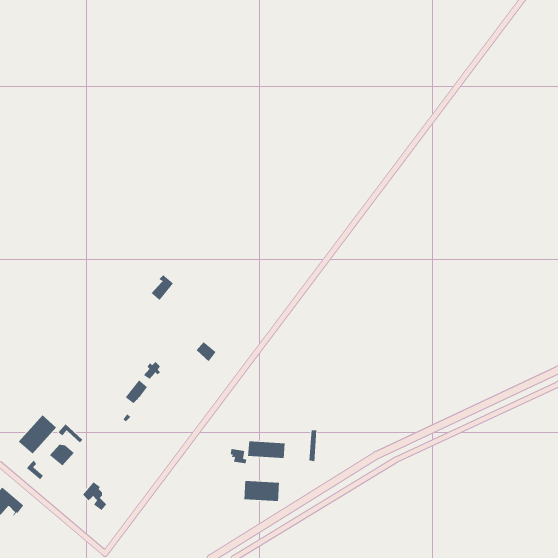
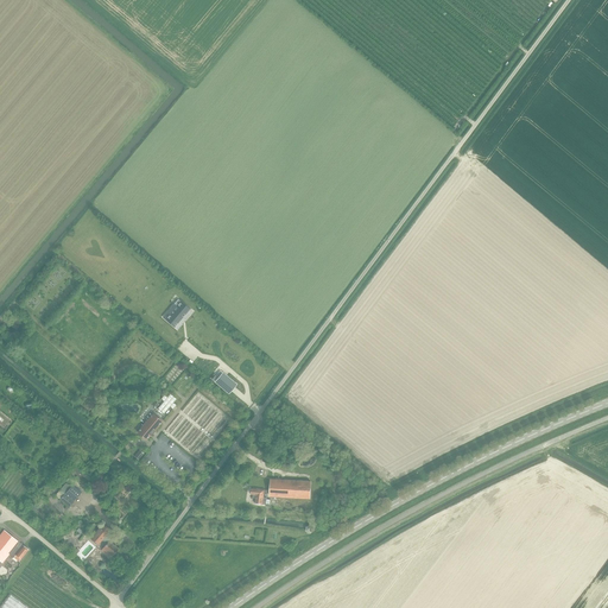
building: [18,414,57,455] -> none
building: [244,480,280,502] -> none

